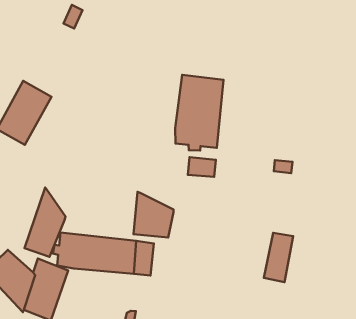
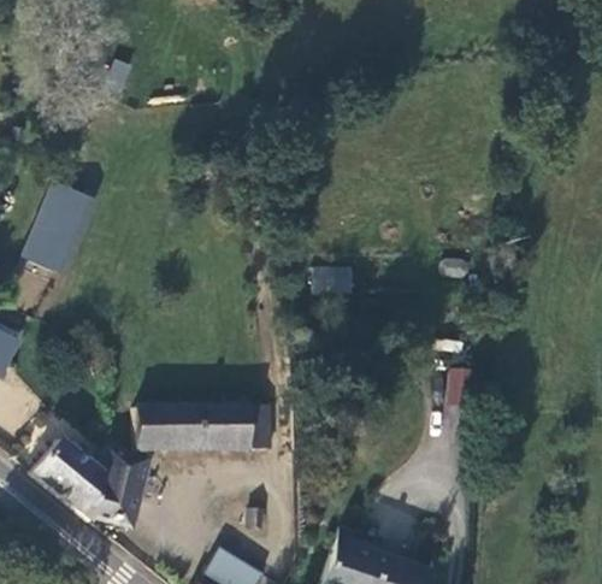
building: [175,75,224,150] -> none
building: [24,187,65,257] -> none
building: [133,192,174,238] -> none

